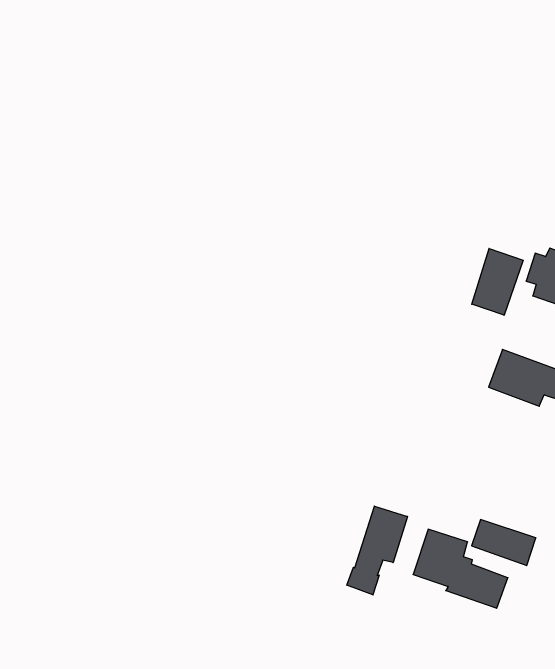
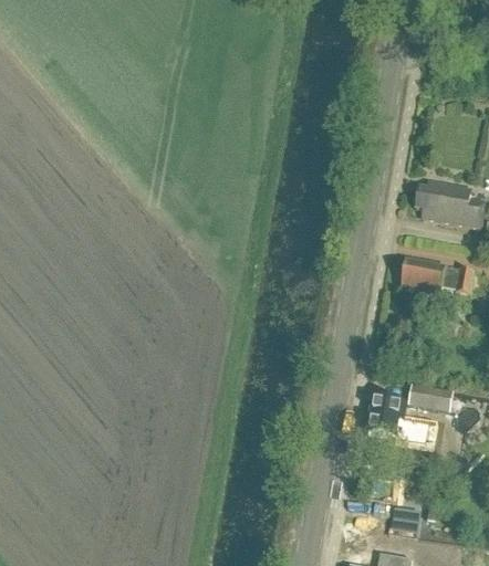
building: [472,248,523,315] -> none
building: [347,506,407,595] -> none

